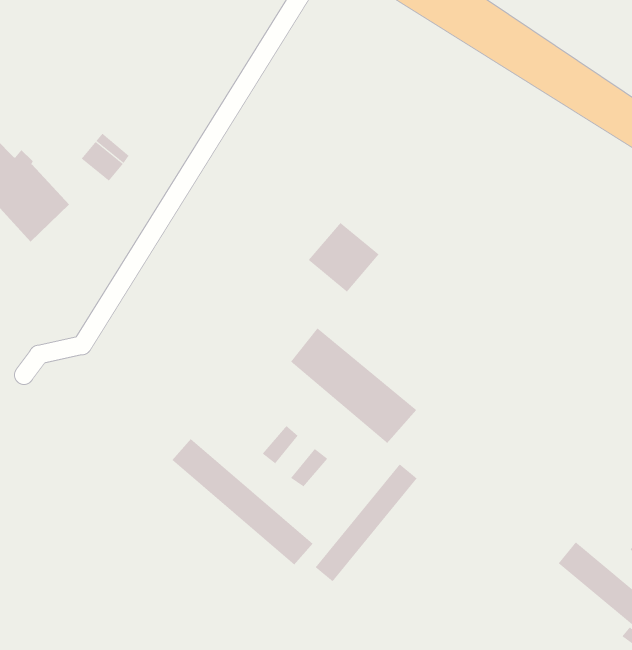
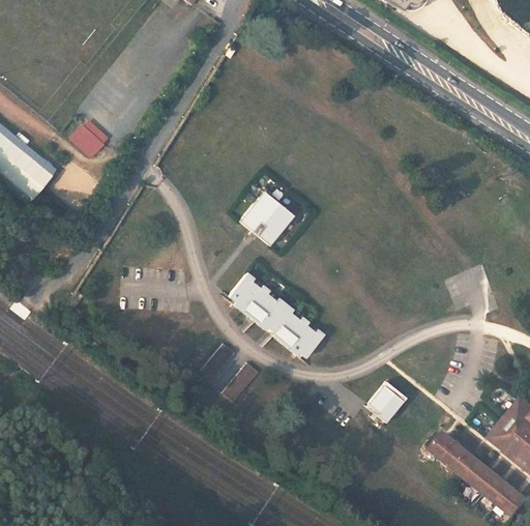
building: [172,438,314,565] -> none
building: [315,463,418,582] -> none
building: none -> [364,383,405,423]

